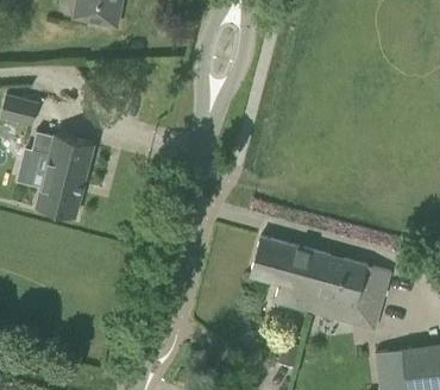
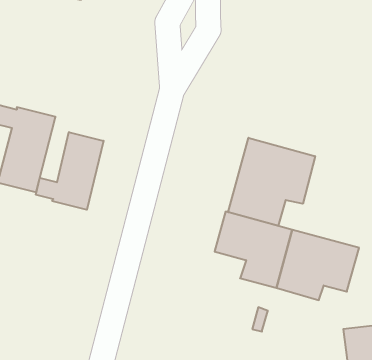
building: none -> [36,132,104,210]
building: none -> [228,138,315,226]

